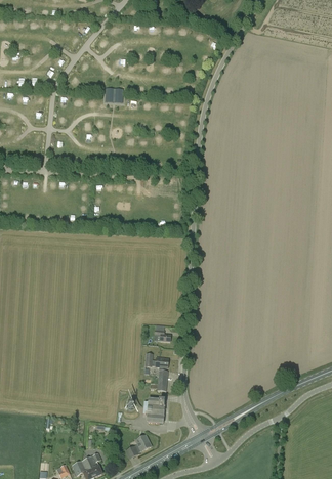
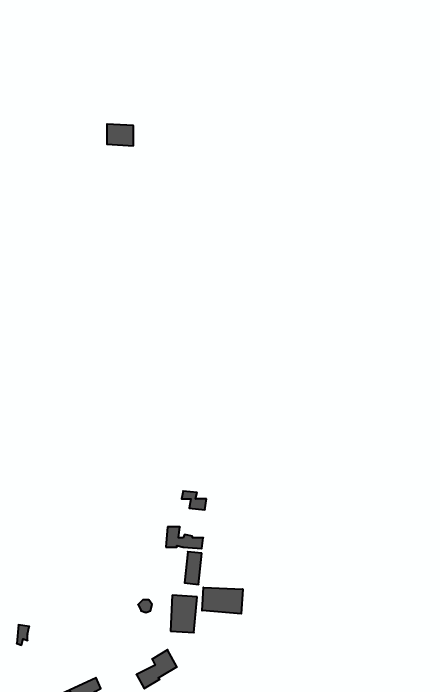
building: none -> [202,587,243,614]

